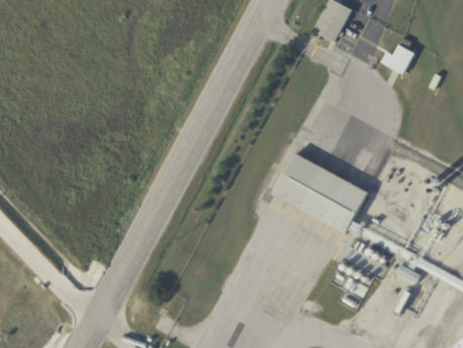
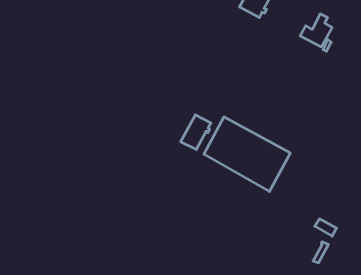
building: none -> [181,115,211,150]

